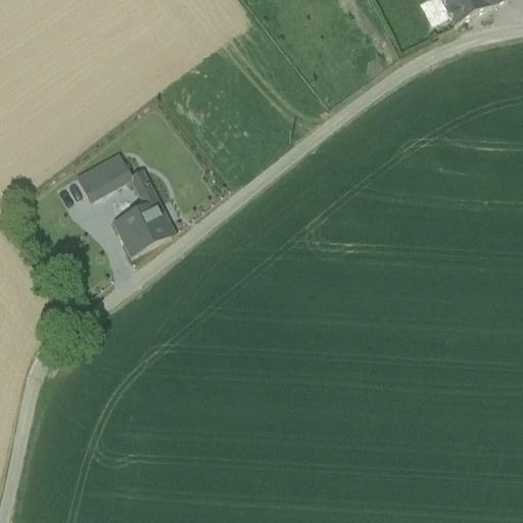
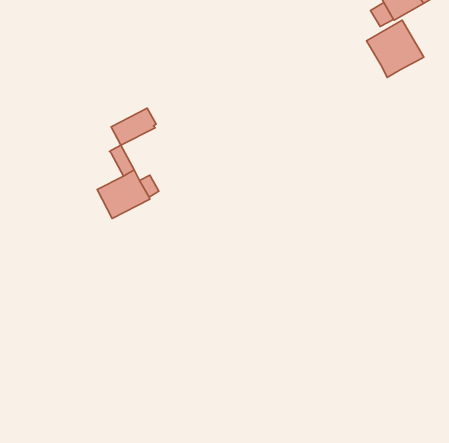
building: none -> [366,20,424,77]
building: [78,155,130,198] -> [111,108,156,145]

